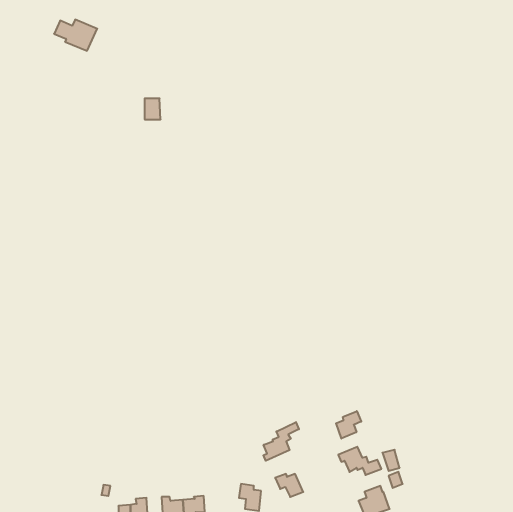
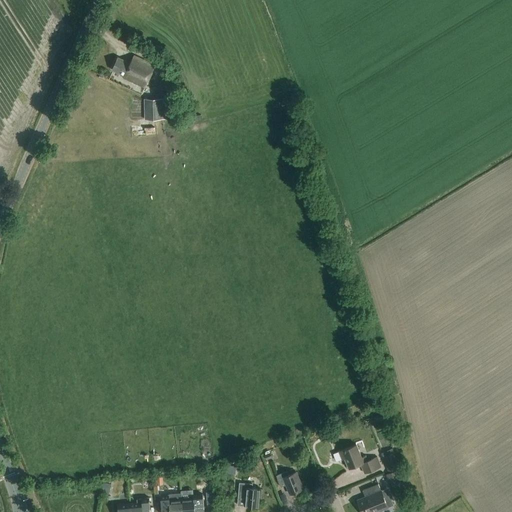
building: [54,20,97,51] -> [112,57,155,88]
building: [336,411,361,439] -> none
building: [263,422,299,461] -> none

